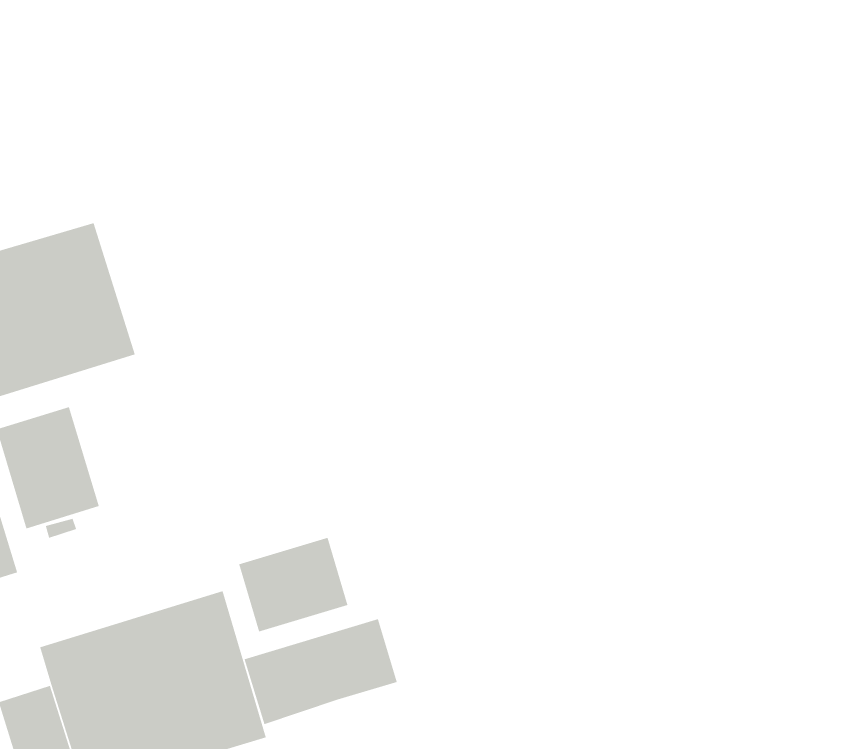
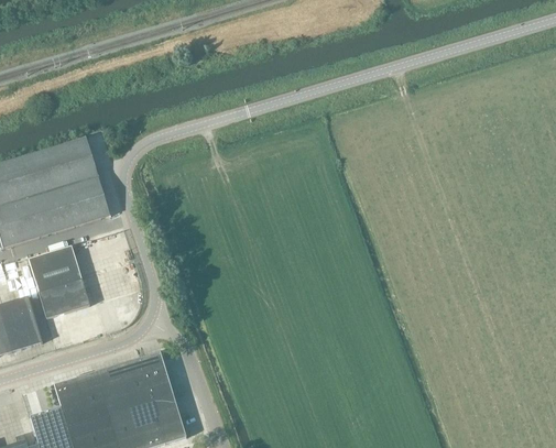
building: [238,537,349,633] -> none
building: [243,618,398,725] -> none

